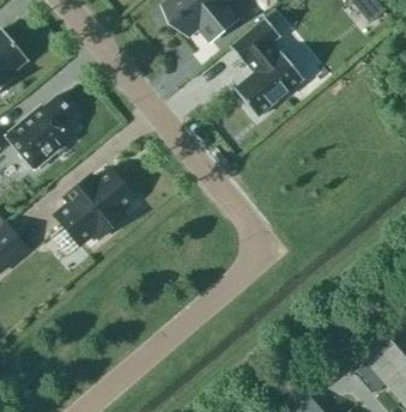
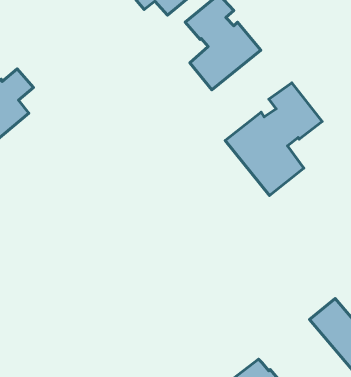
building: none -> [225,83,322,195]
building: [55,169,135,244] -> none

